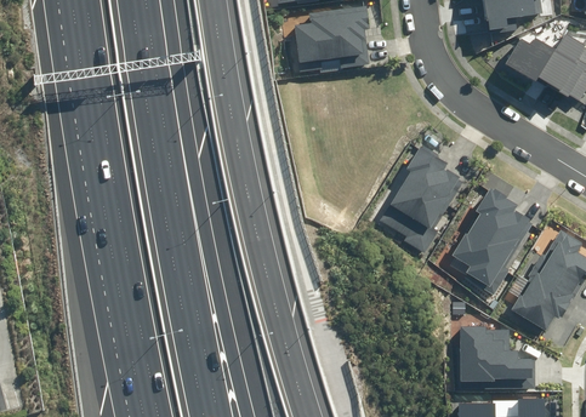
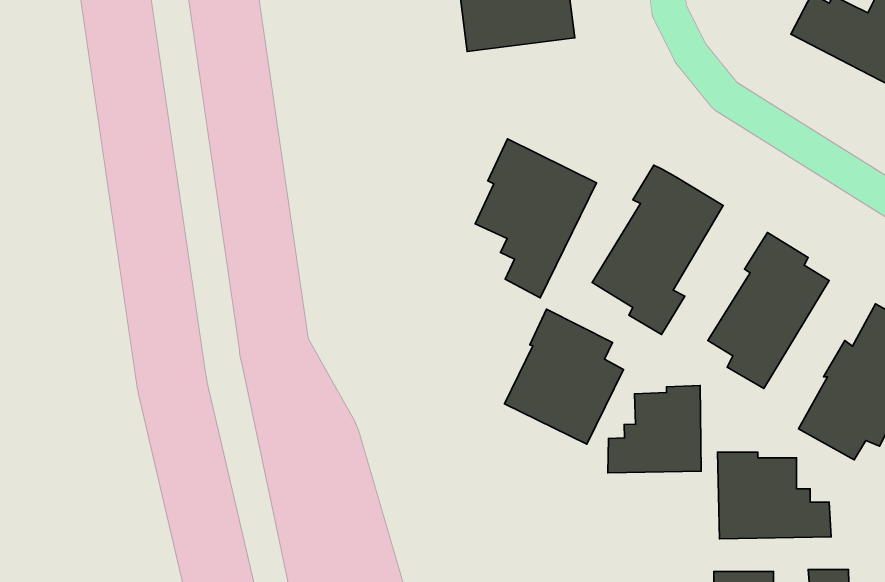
building: none -> [475,139,596,298]
building: none -> [504,309,623,444]
building: none -> [608,386,701,473]

